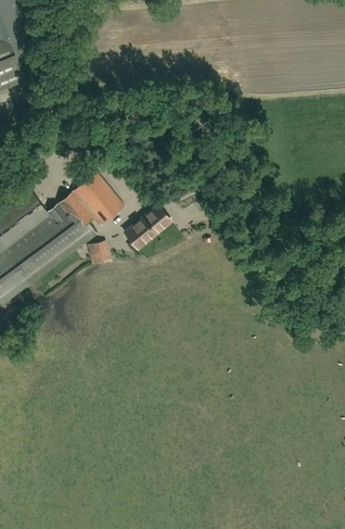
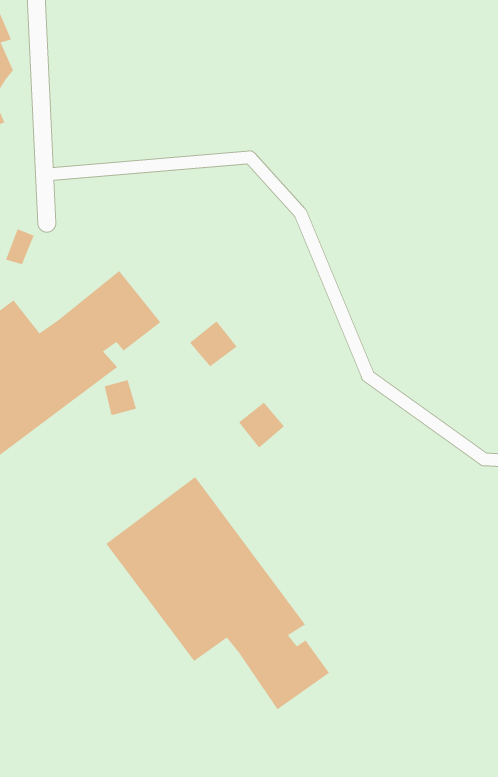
building: [123,217,152,247] -> [238,402,285,449]
building: none -> [106,476,330,710]

